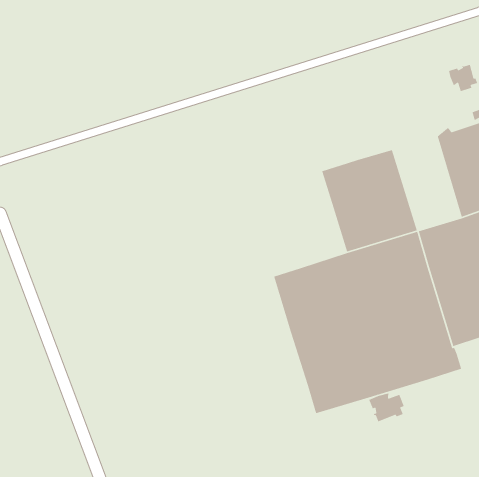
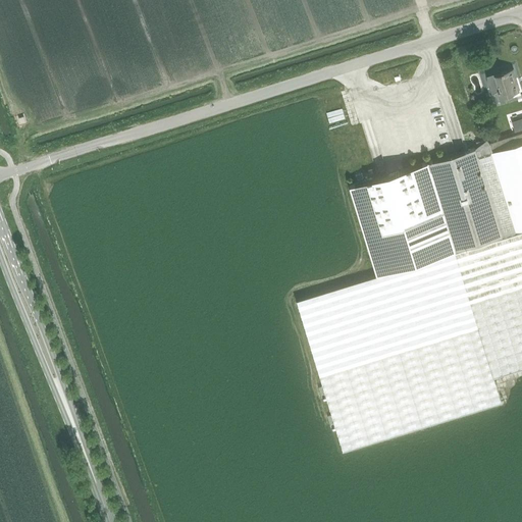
building: none -> [427,151,502,254]
building: [368,393,405,423] -> none

